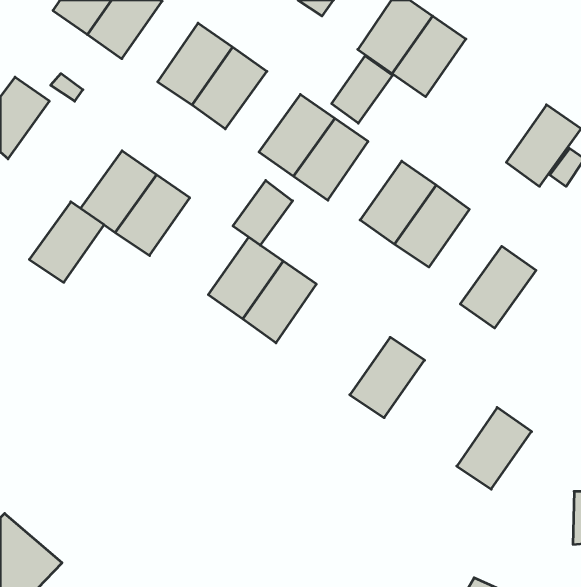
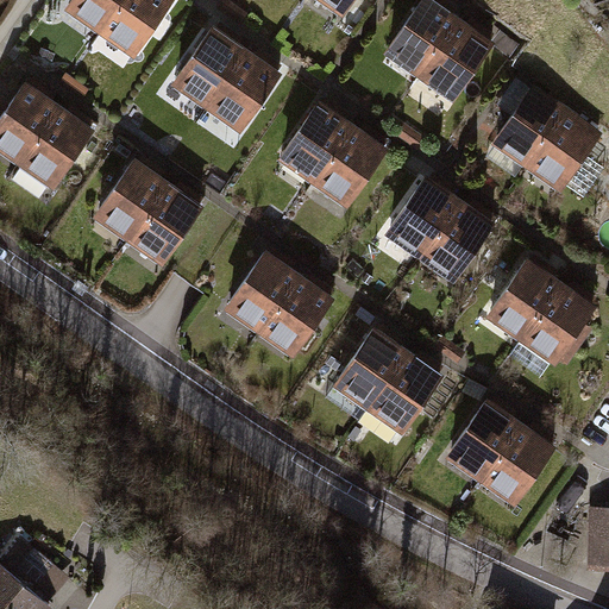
building: [332,56,393,123] -> none
building: none -> [495,84,572,169]
building: [233,180,293,245] -> none
building: [29,202,104,282] -> [15,106,93,189]
building: none -> [519,281,596,364]
building: none -> [333,325,410,409]
building: none -> [444,398,521,483]

